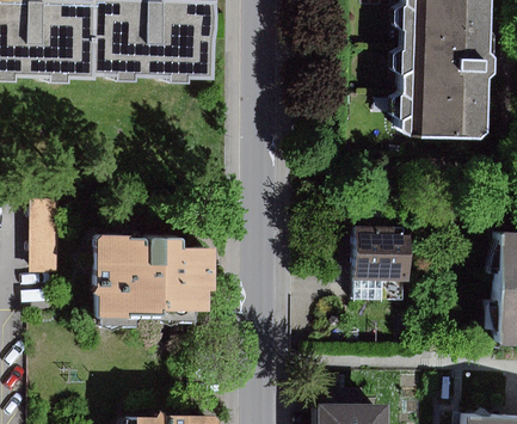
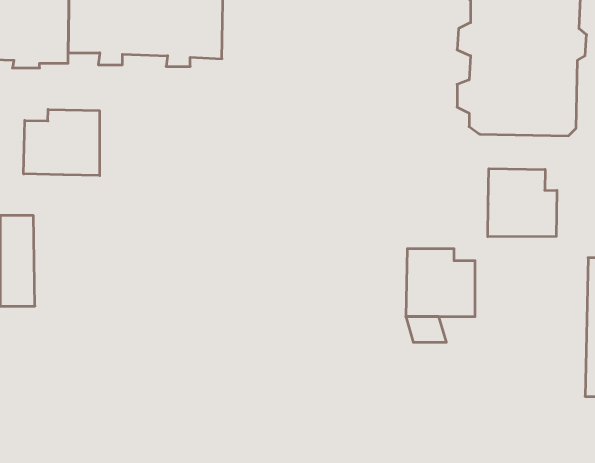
building: none -> [24,109,100,176]
building: none -> [488,169,557,237]
building: [96,236,217,322] -> none

